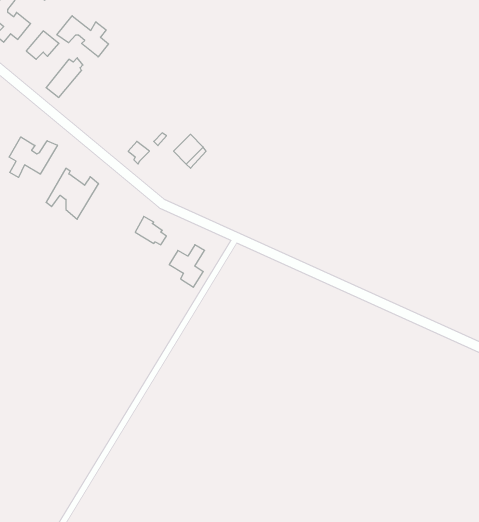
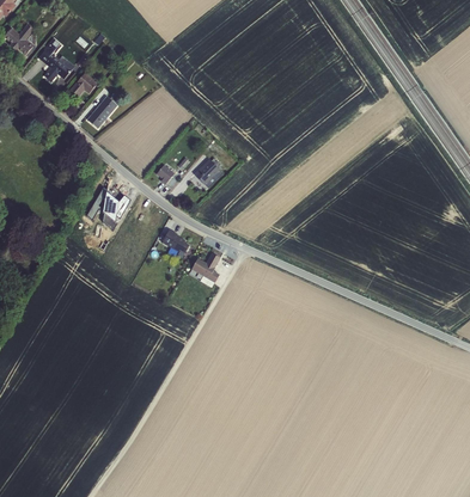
building: [57,16,109,57] -> none
building: [9,137,57,177] -> none

